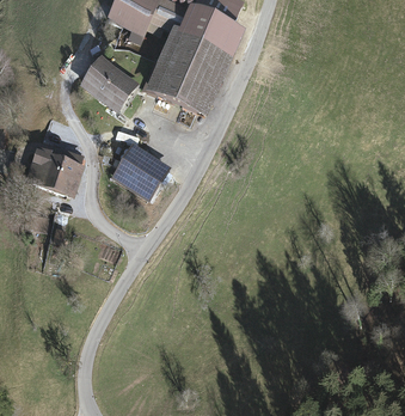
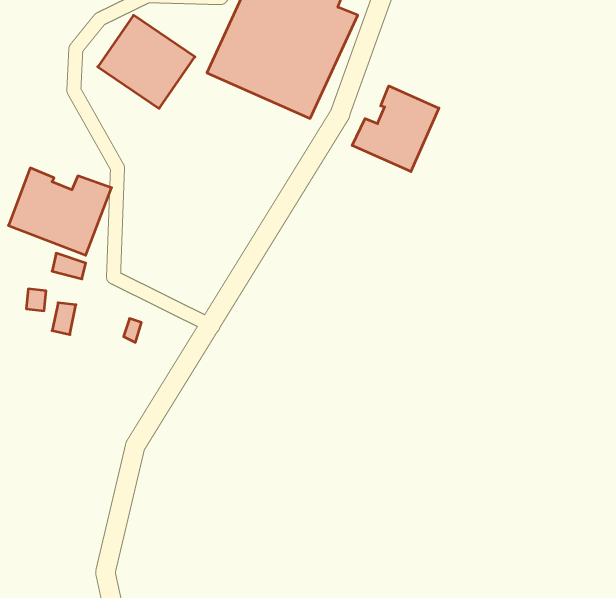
building: none -> [352,86,439,172]
building: [110,141,171,200] -> none

